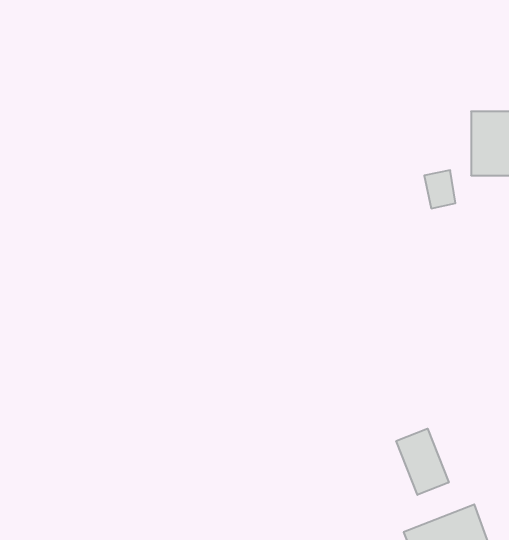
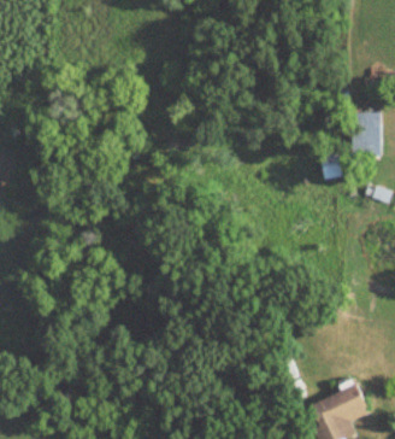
building: [396,429,449,495] -> none

